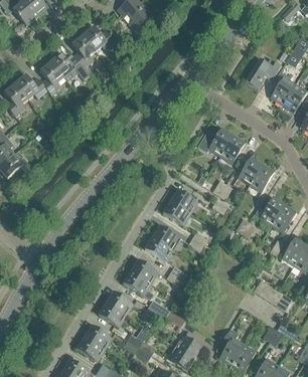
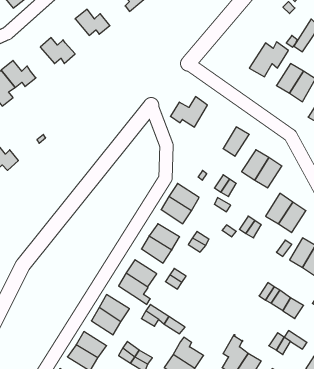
building: [72,35,97,67] -> none
building: [40,61,64,93] -> none
building: [198,127,233,155] -> [170,97,207,127]

